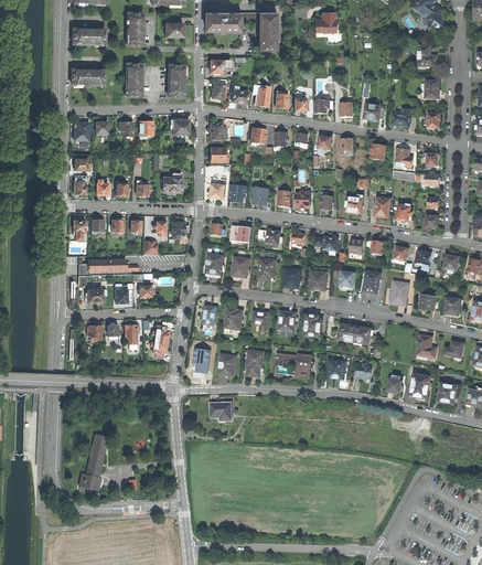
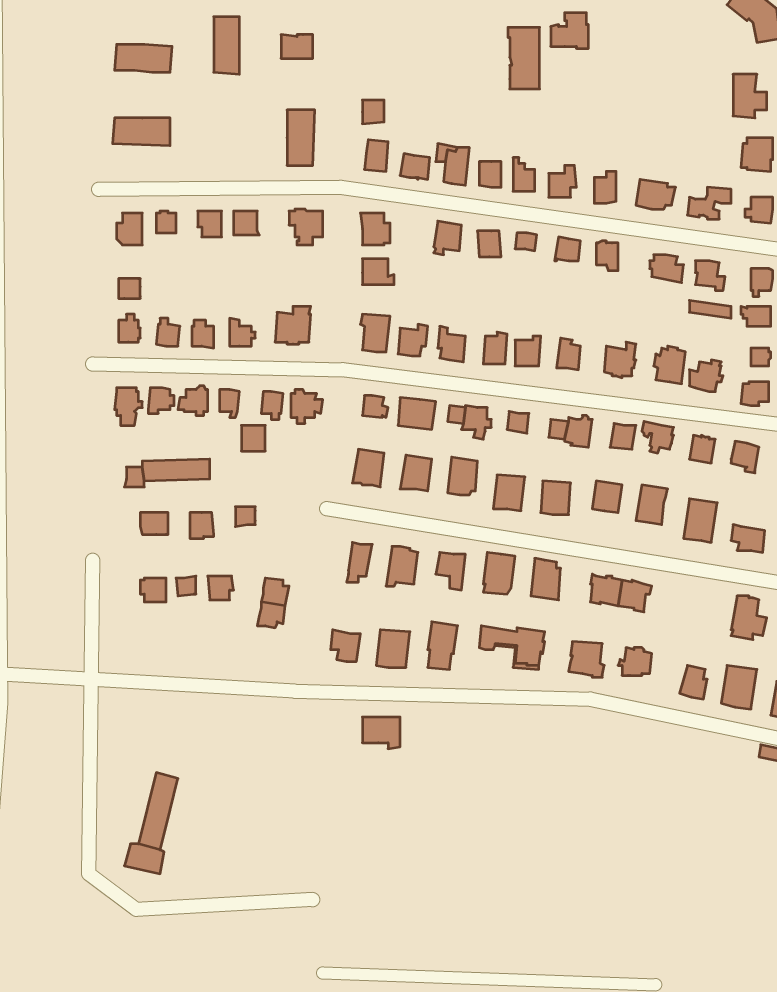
building: [205,11,242,28] -> none
building: [259,11,277,45] -> [508,27,540,89]
building: [126,63,141,95] -> none

